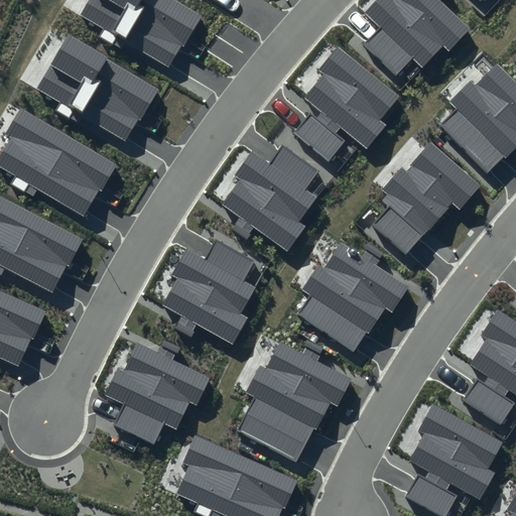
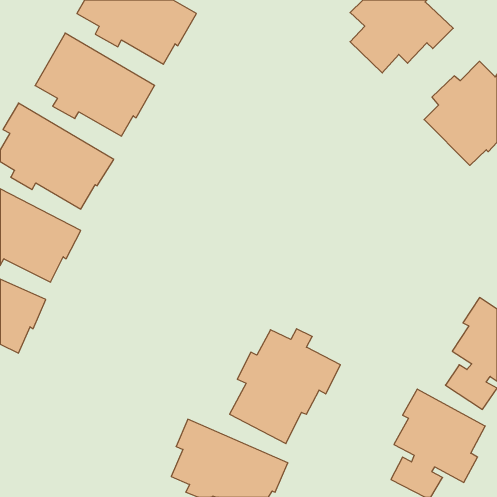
building: [293,45,400,161] -> none
building: [372,143,481,255] -> none
building: [223,144,318,251] -> none
building: [162,239,256,345] -> none
building: [297,243,408,351] -> none
building: [106,341,211,443] -> none

